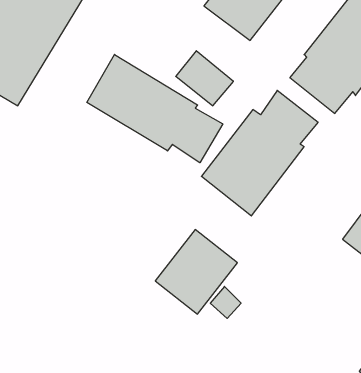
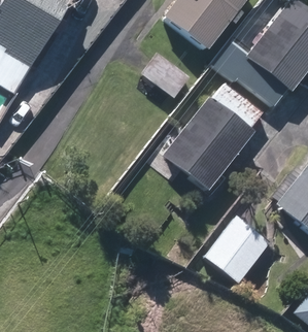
building: [87,54,223,163] -> none
building: [155,230,237,314] -> [203,210,269,278]

